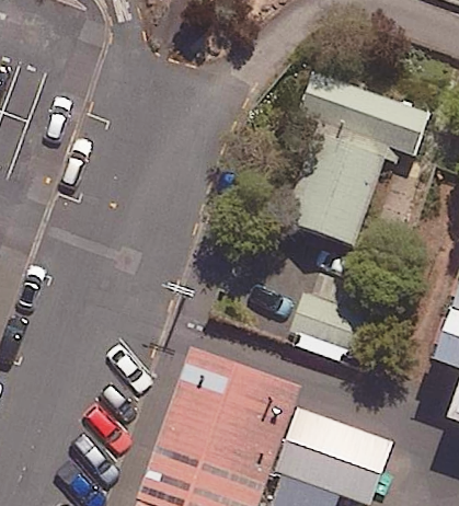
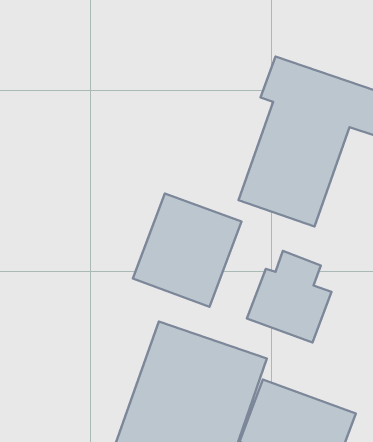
building: none -> [133,193,241,307]

